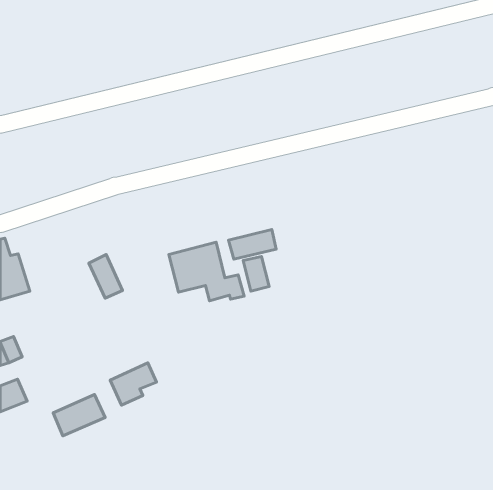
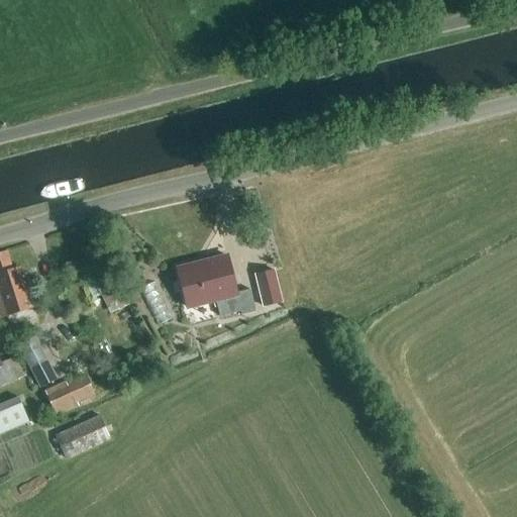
building: [229,229,276,259] -> none
building: none -> [17,333,58,385]
building: [110,363,156,405] -> [44,370,93,414]

